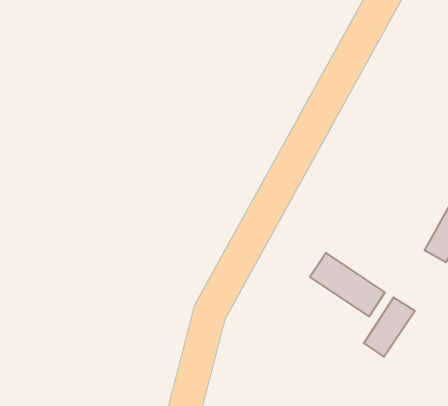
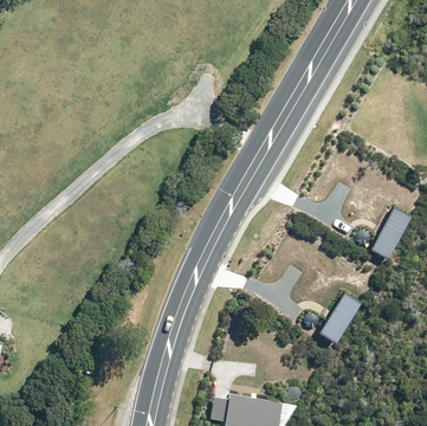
building: [310,253,385,316] -> none

